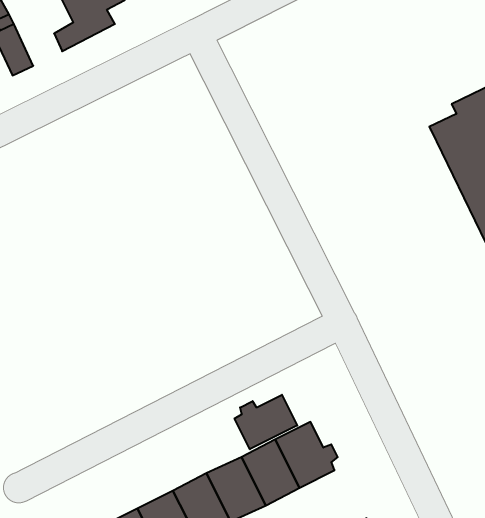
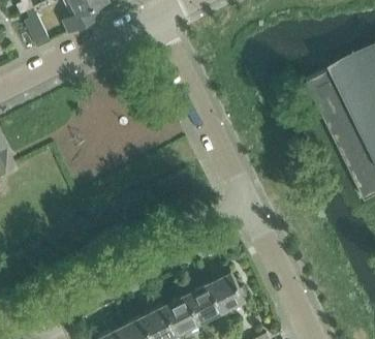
building: [235,395,297,449] -> none

